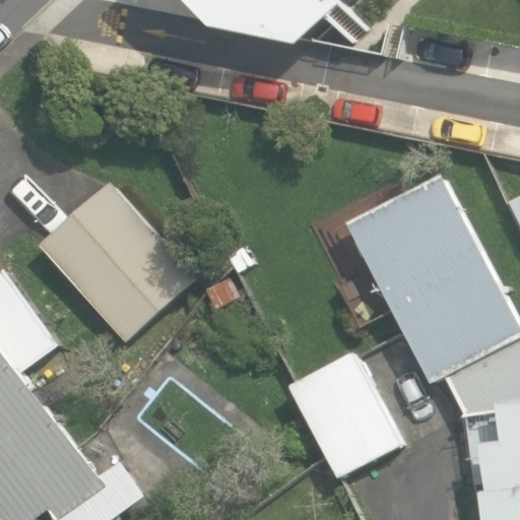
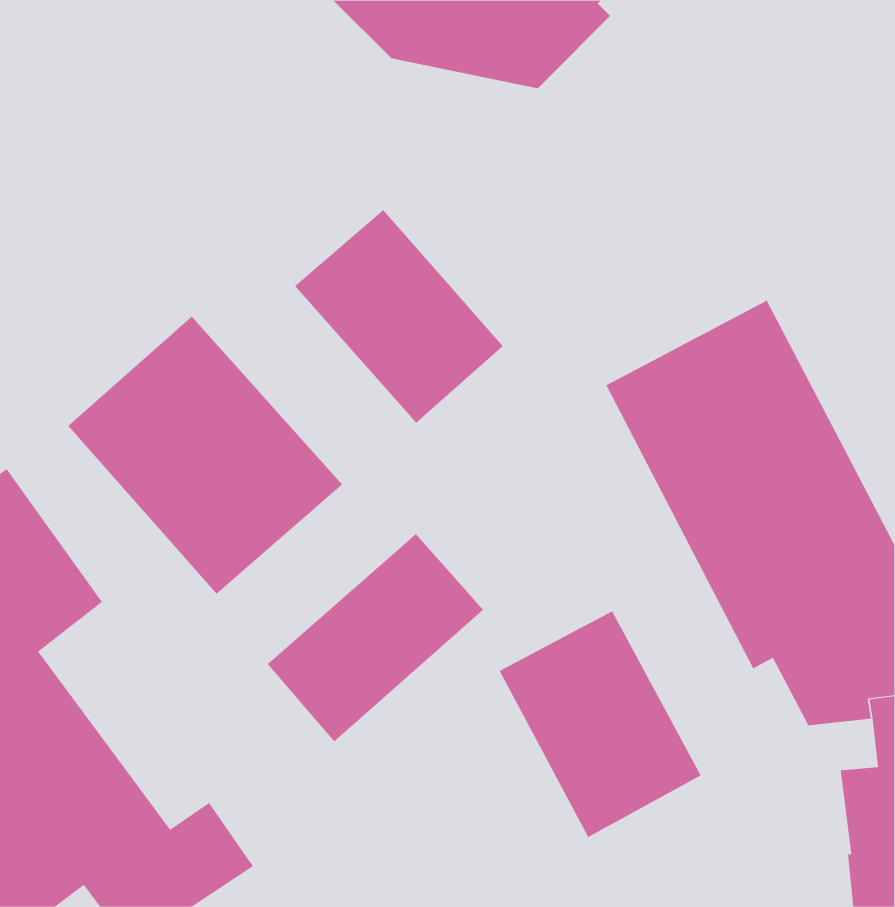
building: none -> [294,209,504,424]
building: none -> [267,533,484,742]

